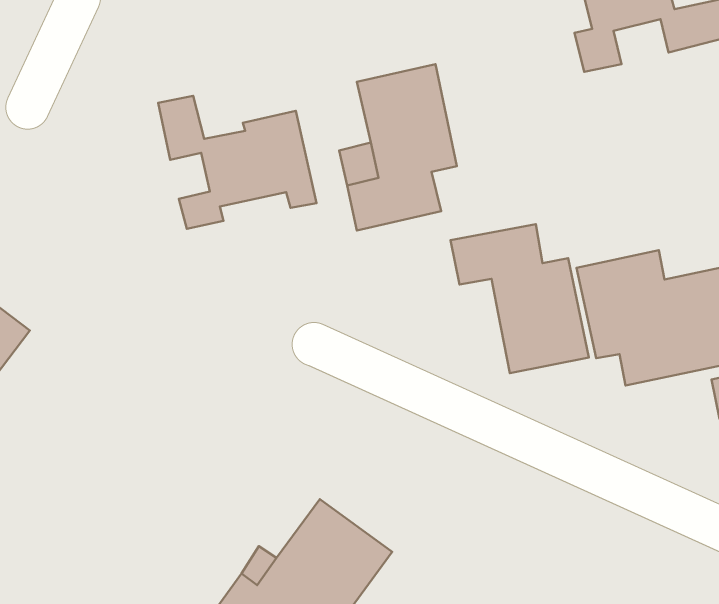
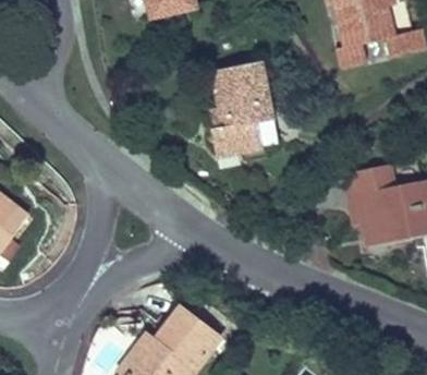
building: [158,96,317,229] -> none
building: [450,224,589,373] -> none

